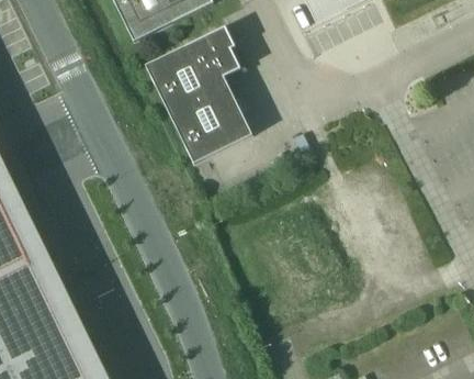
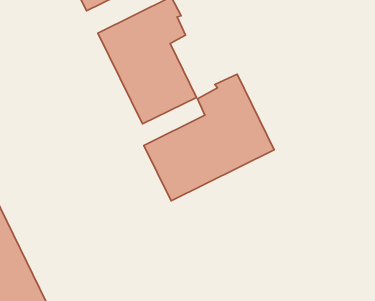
building: none -> [144,74,274,201]

